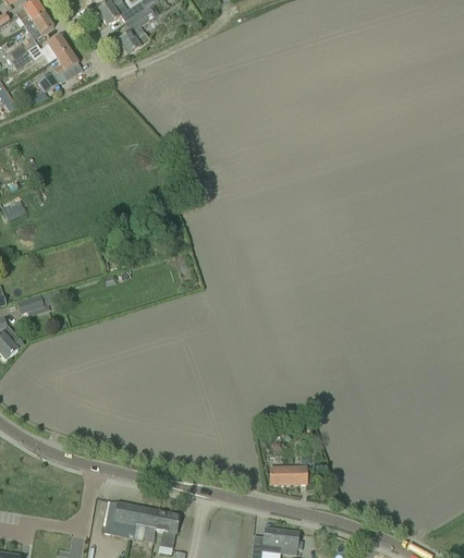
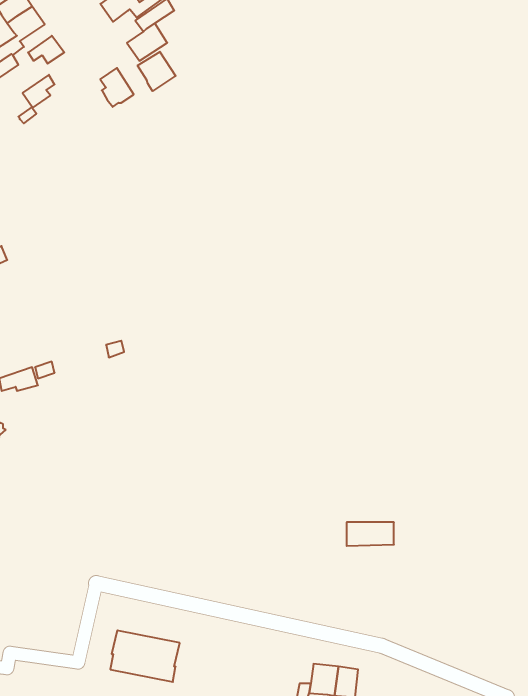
building: none -> [138,52,176,91]
building: [56,48,82,78] -> [100,68,134,107]
building: [269,465,306,484] -> [347,522,394,546]
building: [155,510,179,547] -> none

